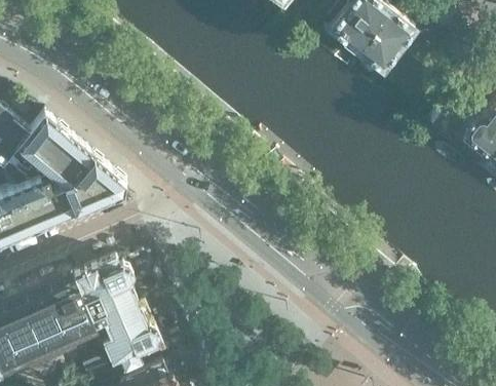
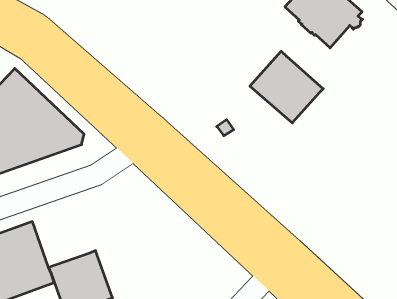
building: none -> [250,51,323,123]
building: [74,261,138,326] -> none

